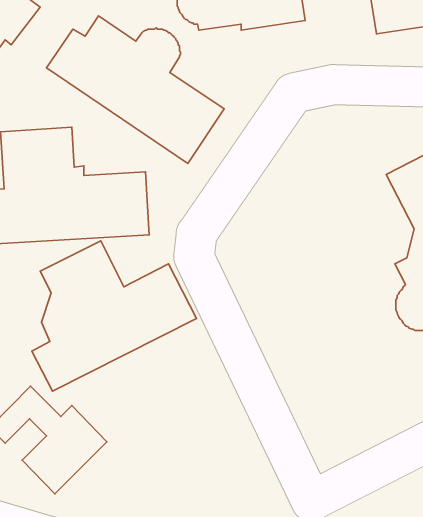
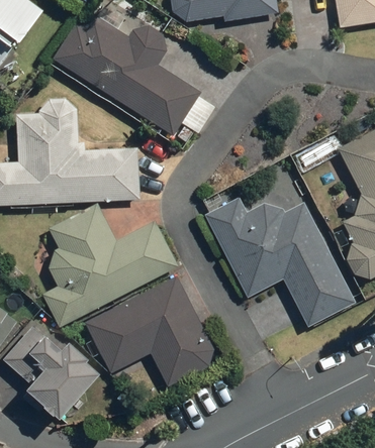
building: none -> [204,195,355,328]
building: none -> [85,276,212,386]

